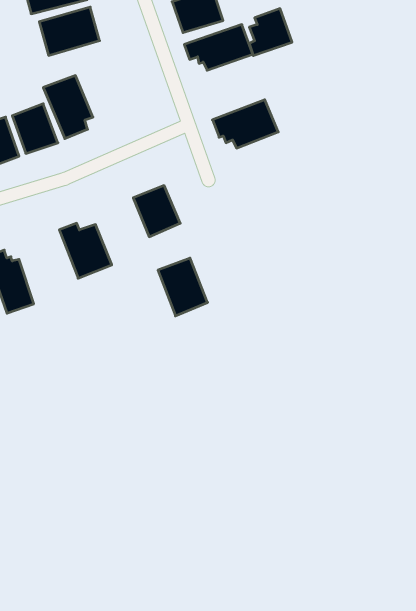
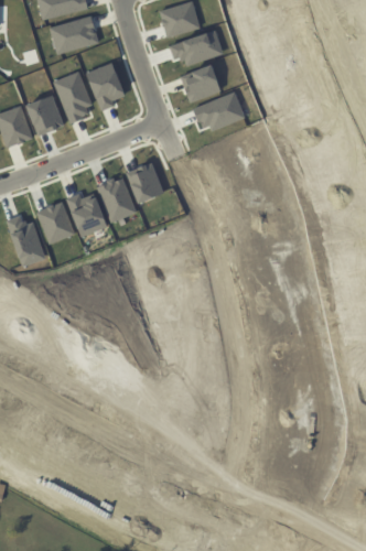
building: [249,9,292,56] -> [187,64,223,102]
building: none -> [86,62,126,111]
building: none -> [36,201,76,245]
building: [158,258,208,316] -> [97,176,138,224]

